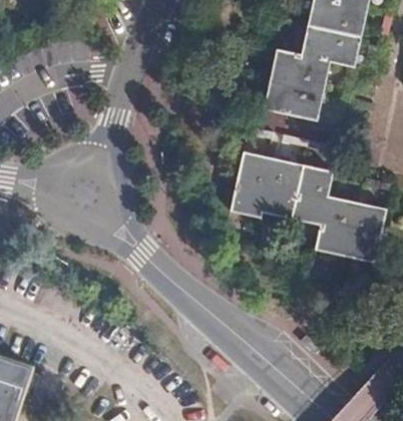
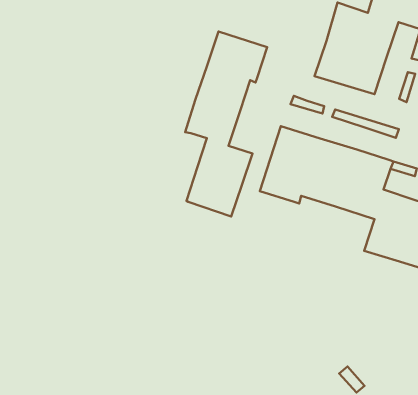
building: none -> [185,32,267,217]

